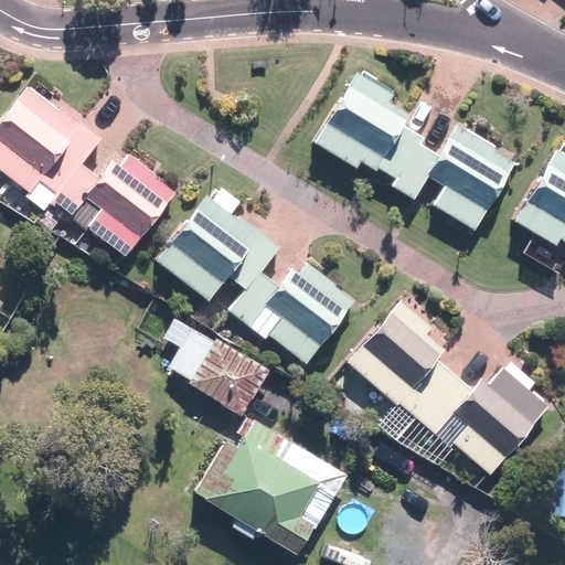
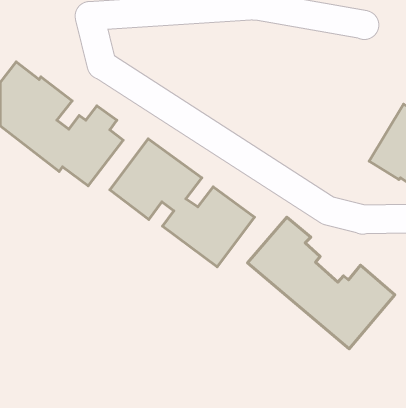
building: [312,74,518,231] -> none
building: [170,328,269,417] -> none
building: [191,416,349,557] -> none

